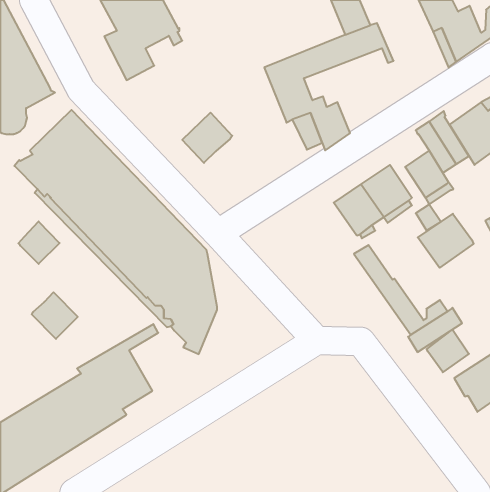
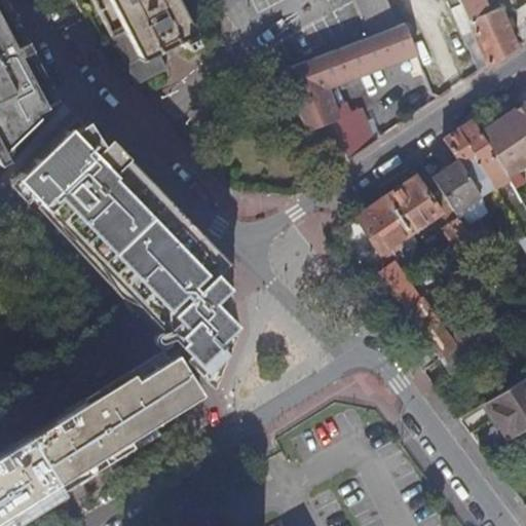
building: [182,113,232,163] -> none
building: [418,214,474,268] -> none
building: [18,221,60,264] -> none
building: [32,292,78,339] -> none
building: none -> [141,349,206,417]
building: [427,329,469,372] -> none

